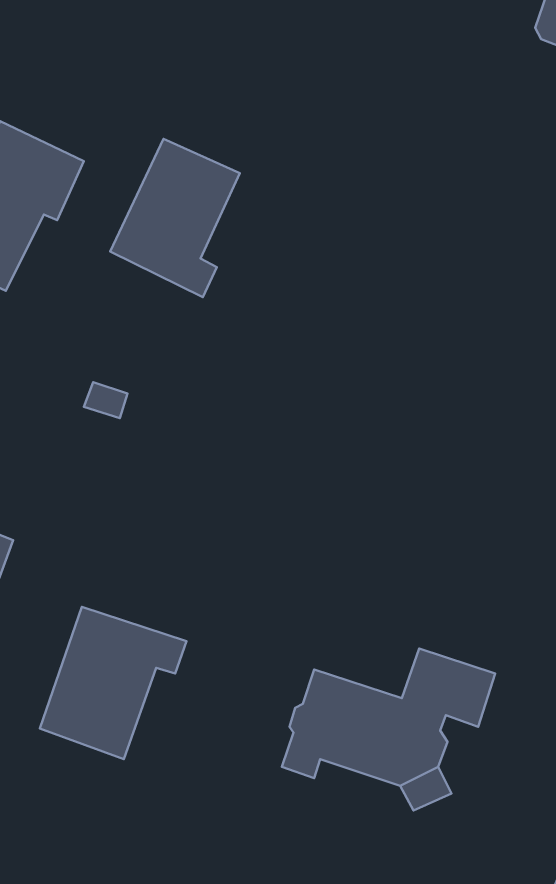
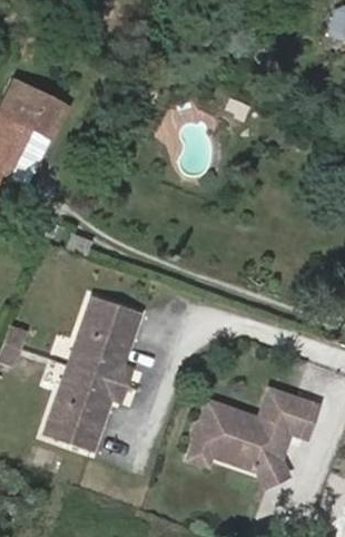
building: [110,139,240,297] -> none
building: none -> [67,296,140,384]

